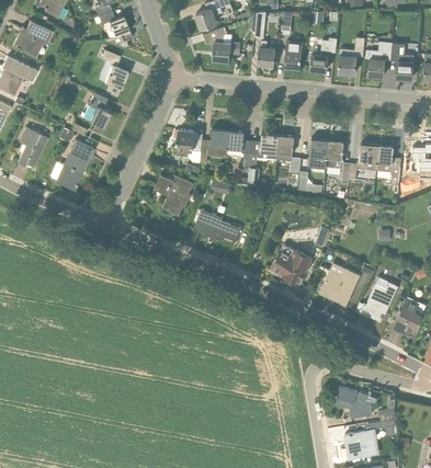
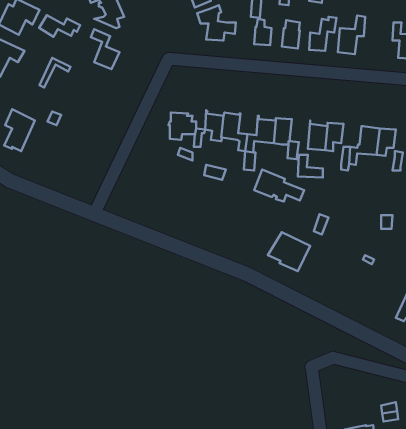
building: none -> [39,15,80,37]
building: [365,41,392,76] -> none
building: [88,92,111,134] -> none
building: [56,141,93,189] -> none
building: [156,173,194,215] -> none
building: [193,208,241,239] -> [254,170,304,202]
building: [319,269,360,304] -> none
building: [361,276,398,319] -> none
building: [333,386,372,418] -> none

